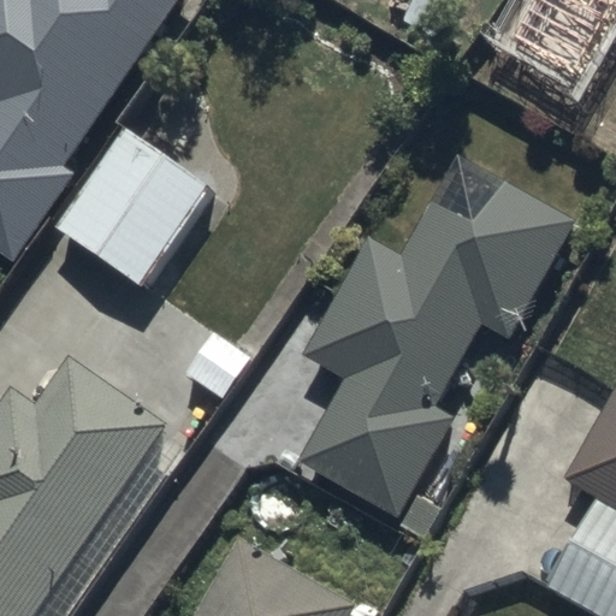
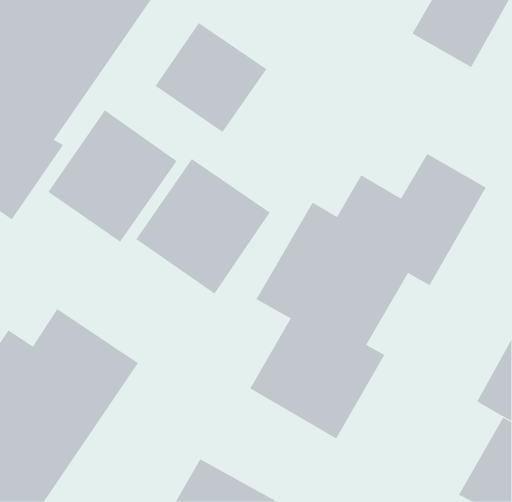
building: none -> [155,22,267,133]
building: none -> [136,158,271,295]

